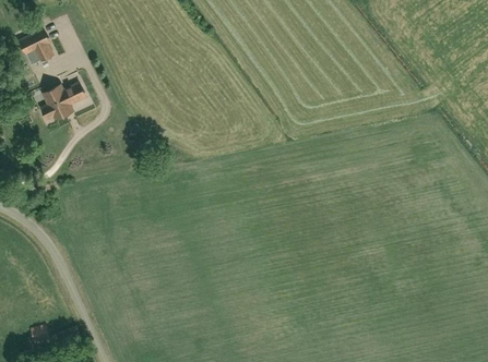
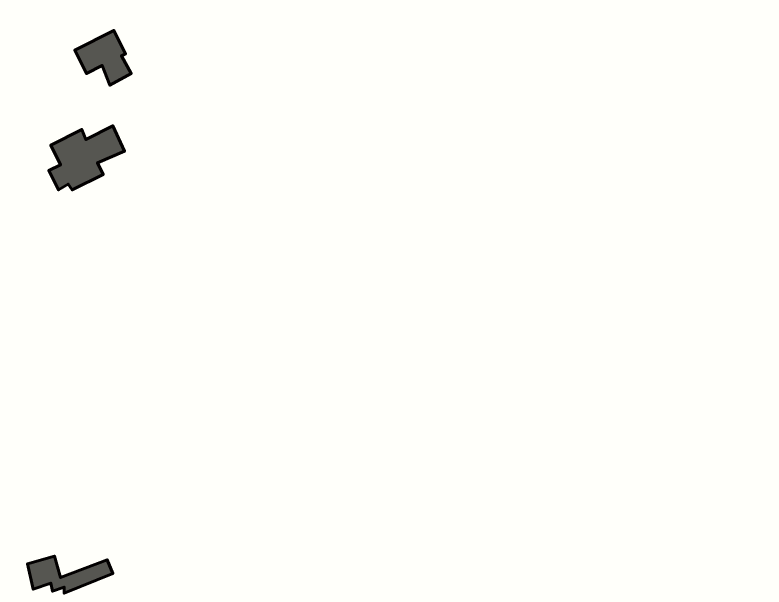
building: [21,31,52,61] -> [75,31,131,85]

